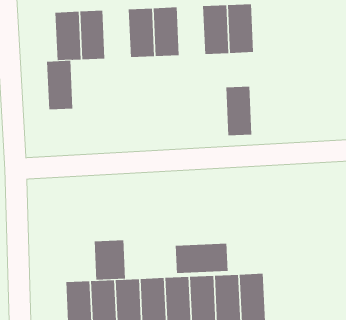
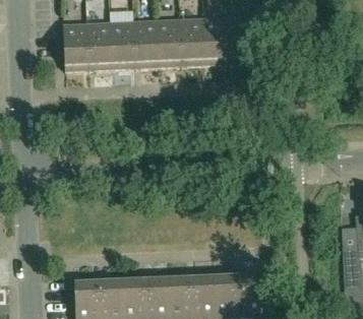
building: [46,60,73,110] -> [109,21,134,68]
building: [225,86,252,136] -> [179,18,204,65]
building: [94,239,126,281] -> none
building: [175,243,228,274] -> none

